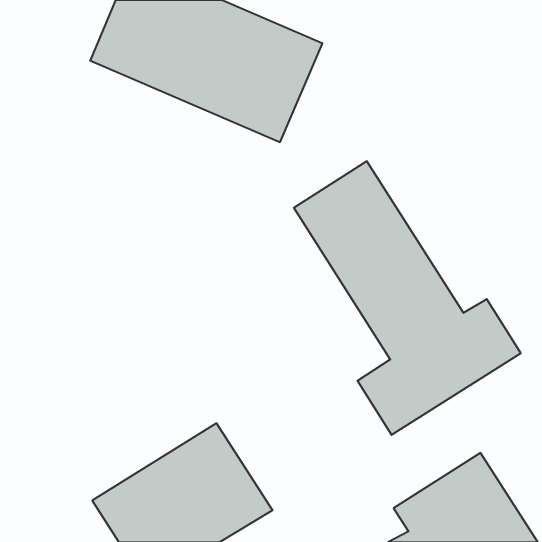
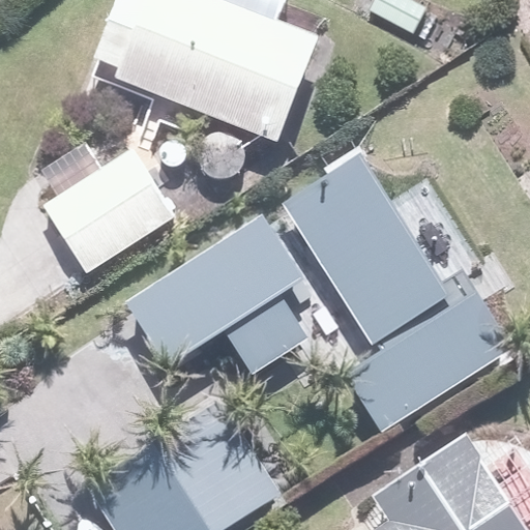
building: none -> [49,148,174,269]
building: none -> [130,214,307,375]

